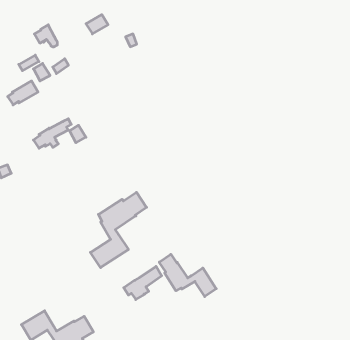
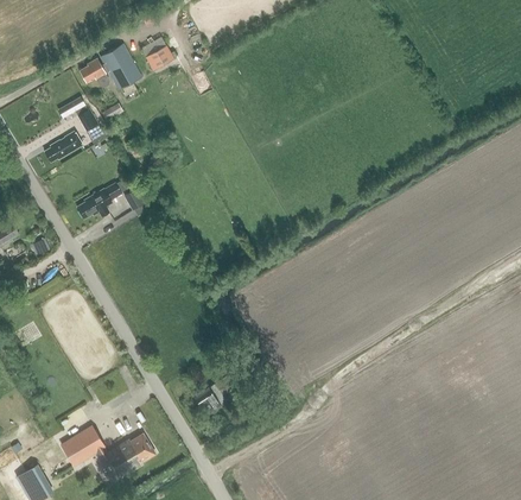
building: none -> [100,43,141,89]
building: [90,192,147,268] -> none
building: [159,254,216,297] -> none

